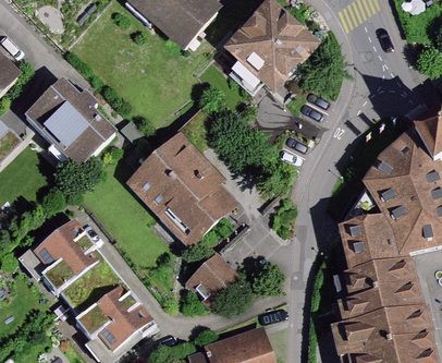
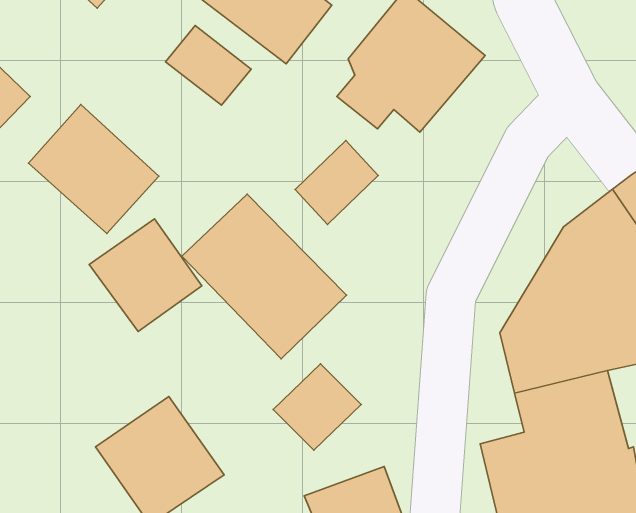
building: none -> [166,26,251,105]
building: none -> [295,140,378,224]
building: [26,223,101,299] -> [89,219,202,331]

